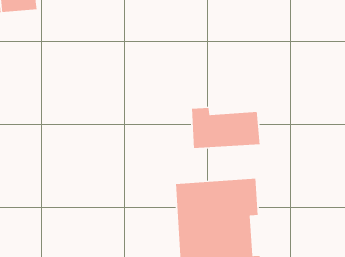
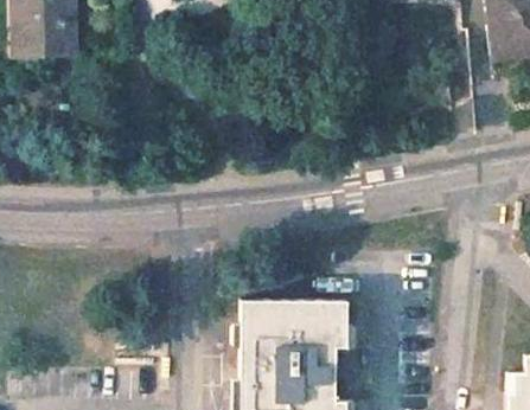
building: [191,107,260,149] -> none

